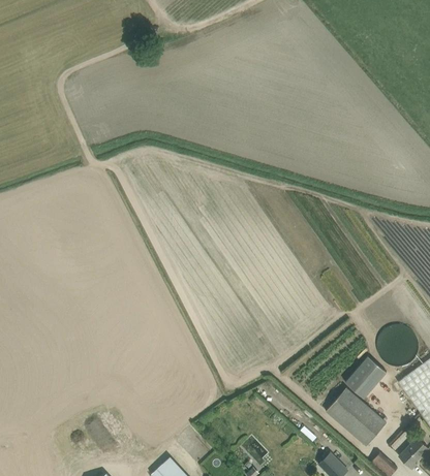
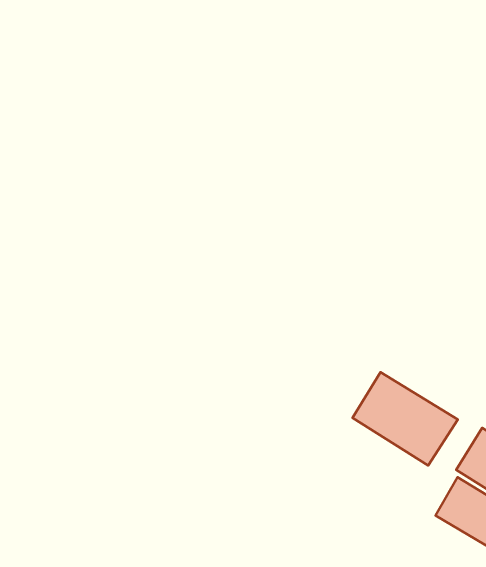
building: none -> [352,372,458,465]

